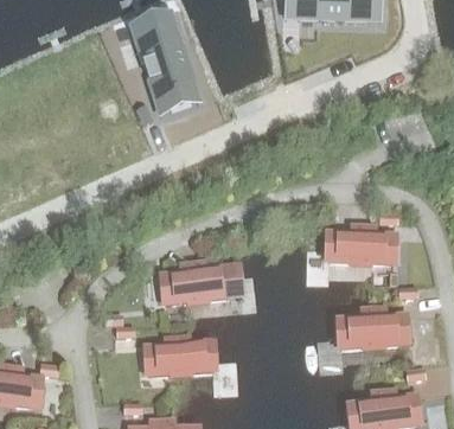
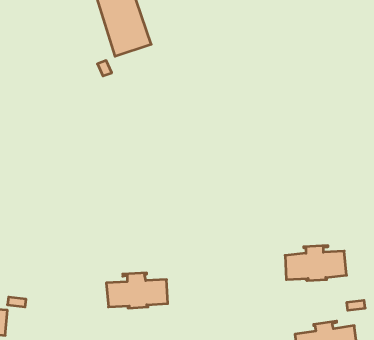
building: [328,228,394,265] -> none
building: [164,265,230,305] -> none

